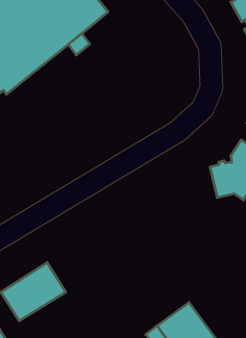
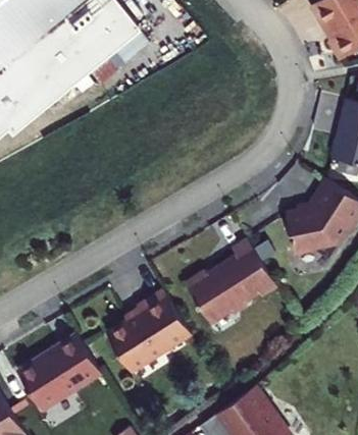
building: none -> [186,240,276,325]
building: none -> [107,290,192,374]

